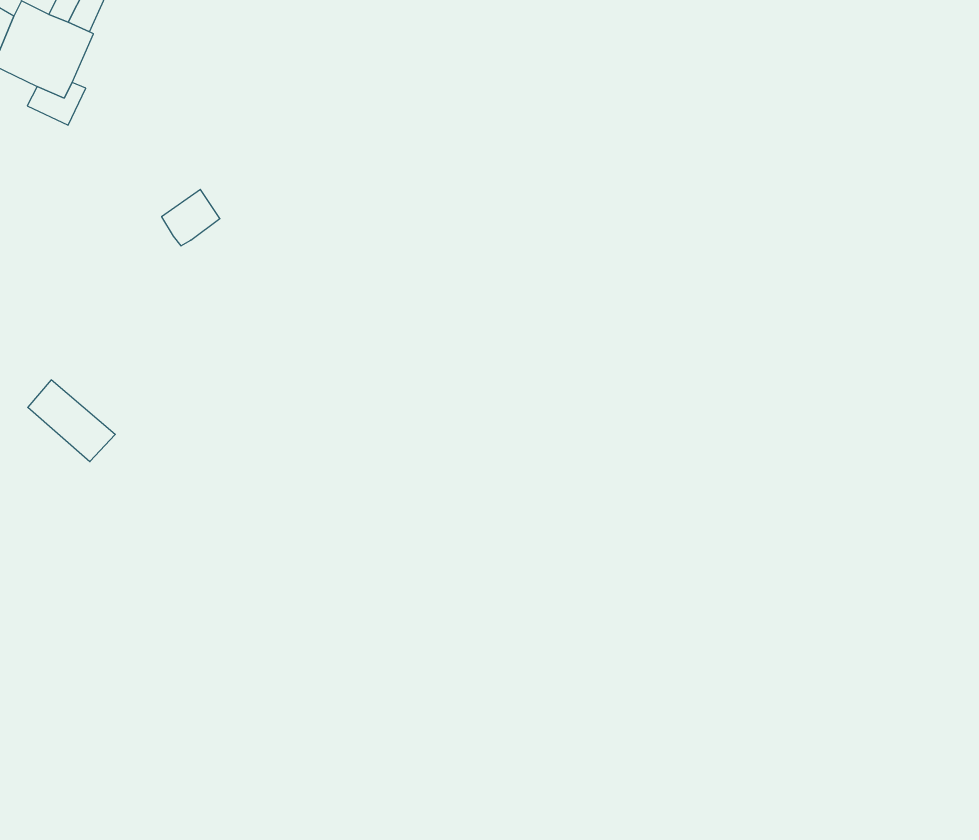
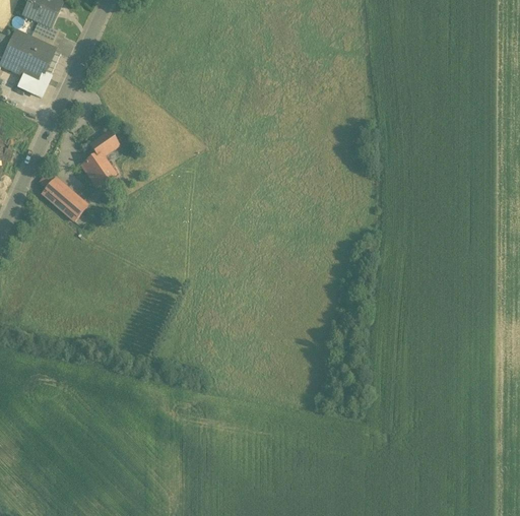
building: none -> [81,153,116,186]
building: [28,380,115,462] -> [43,178,88,220]

